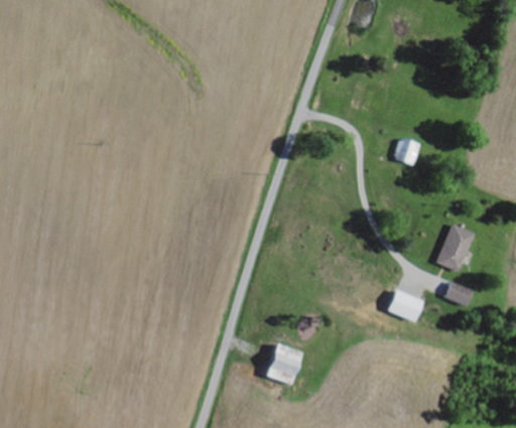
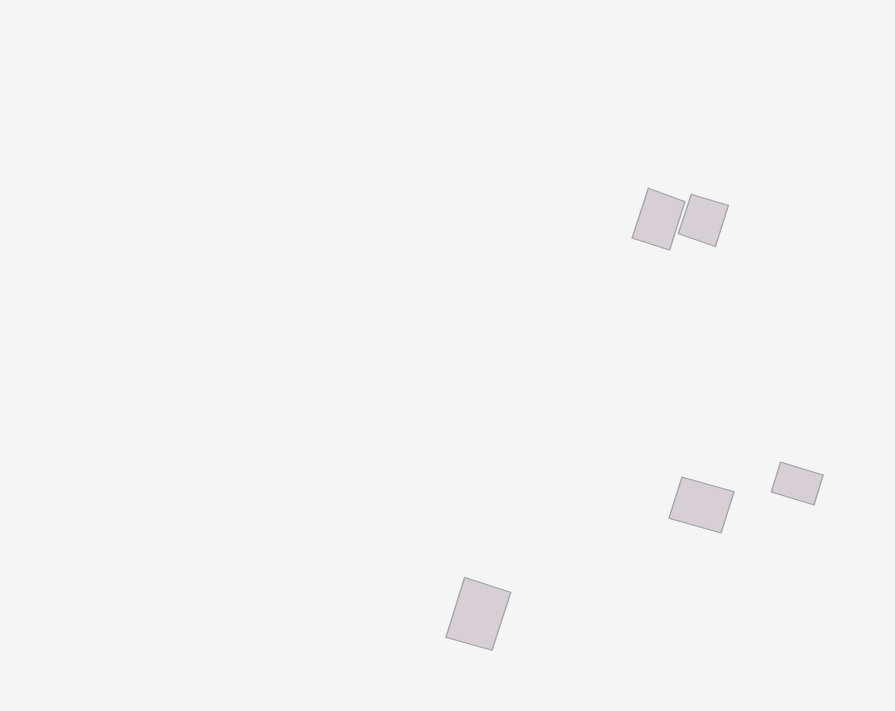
building: none -> [632,188,685,250]
building: [435,224,474,271] -> none

